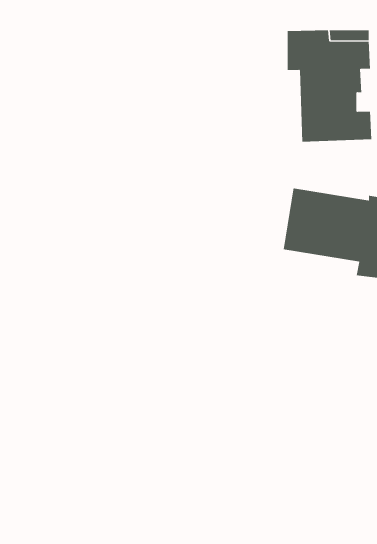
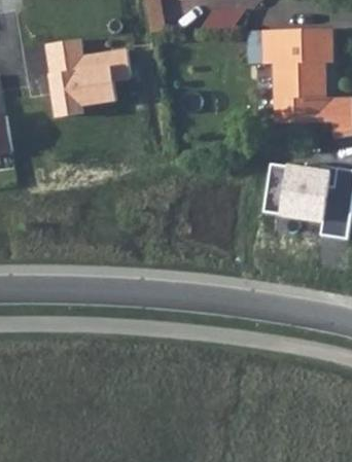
building: none -> [43,36,133,118]

